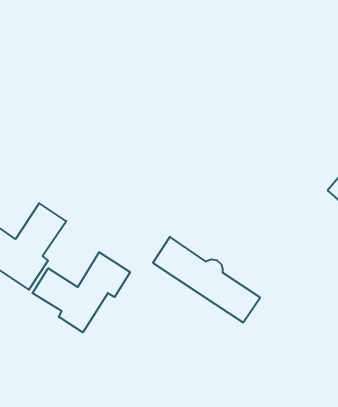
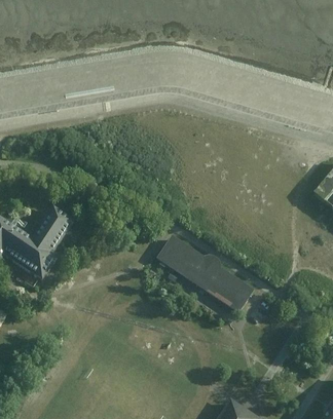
building: [33,252,130,332] -> none

